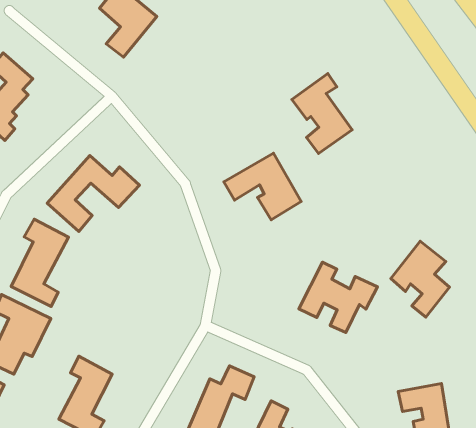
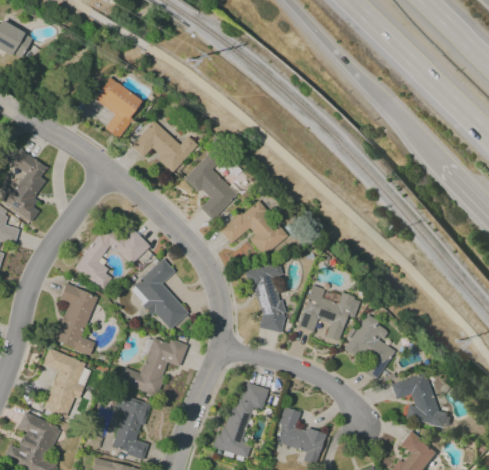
building: none -> [132,120,199,172]
building: [292,73,352,154] -> [184,152,238,220]
building: none -> [131,259,189,331]
building: none -> [247,261,286,332]
building: [391,241,449,317] -> [345,315,395,378]
building: none -> [120,338,187,395]

